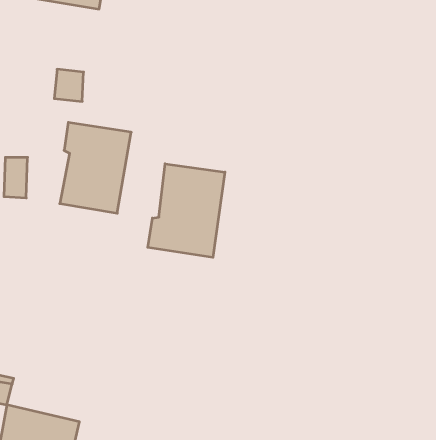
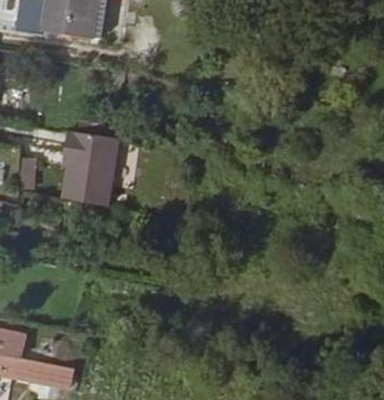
building: [148,164,225,257] -> none

